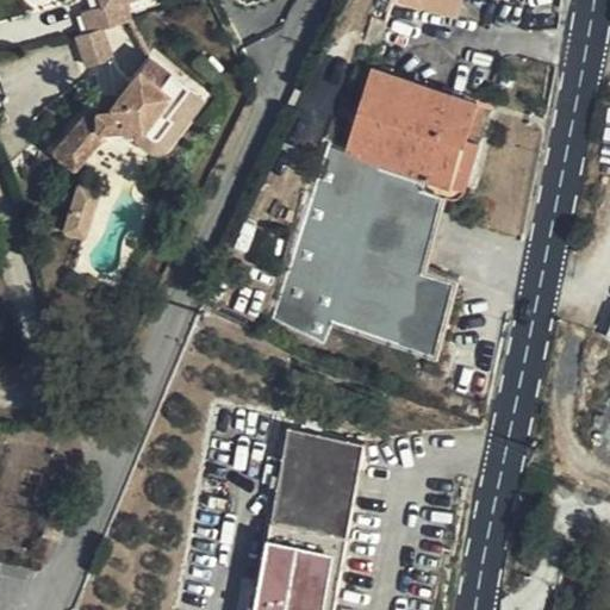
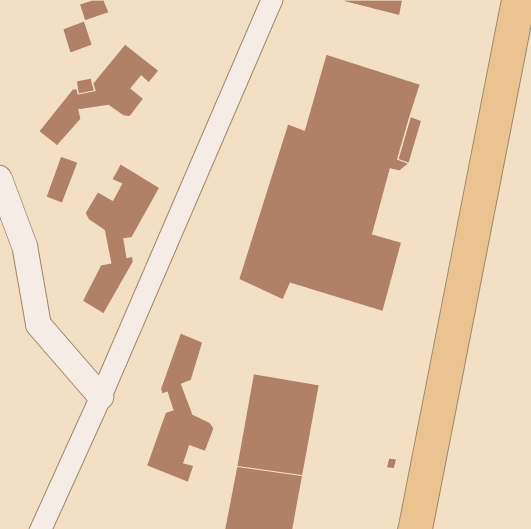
building: [91,85,195,148] -> none
building: none -> [82,163,160,314]
building: none -> [147,333,214,483]

